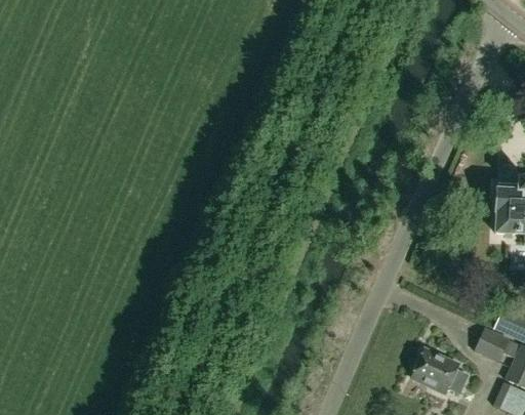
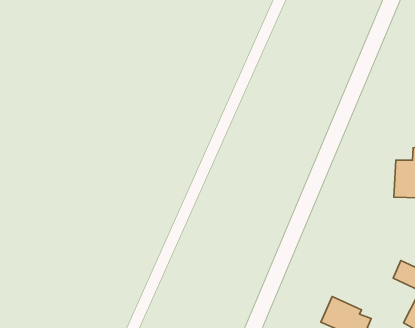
building: [474,328,509,363] -> none

